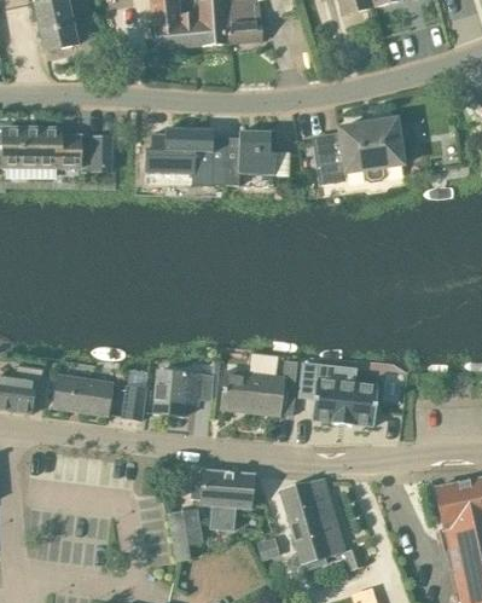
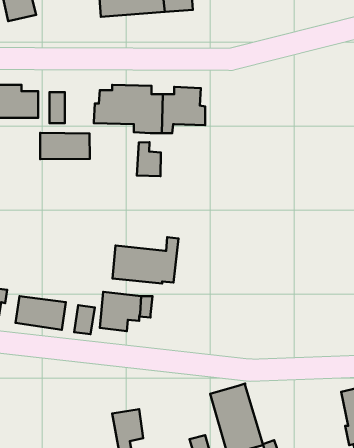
building: [315,118,403,181] -> none
building: none -> [40,133,90,159]
building: none -> [137,142,161,176]
building: [221,360,298,414] -> [113,237,178,284]
building: [300,364,377,425] -> none
building: [192,468,252,528] -> none

